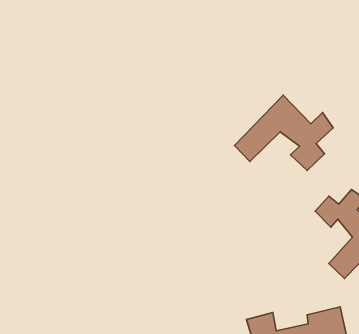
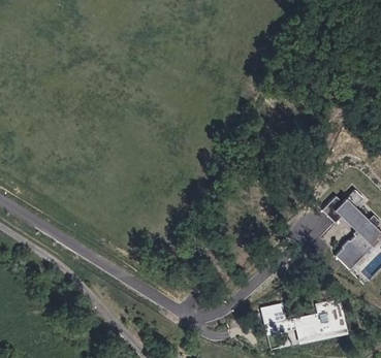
building: [234,95,333,171] -> none

